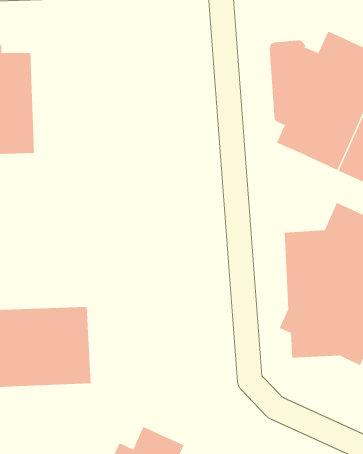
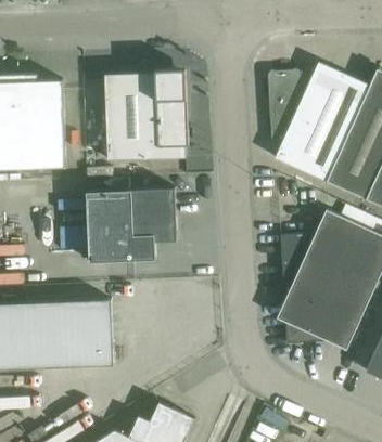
building: none -> [105,69,189,161]
building: none -> [87,188,178,263]

